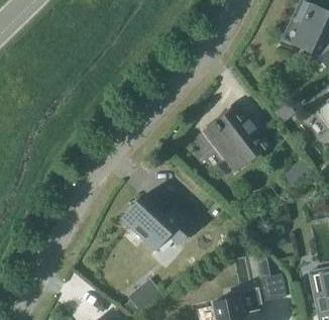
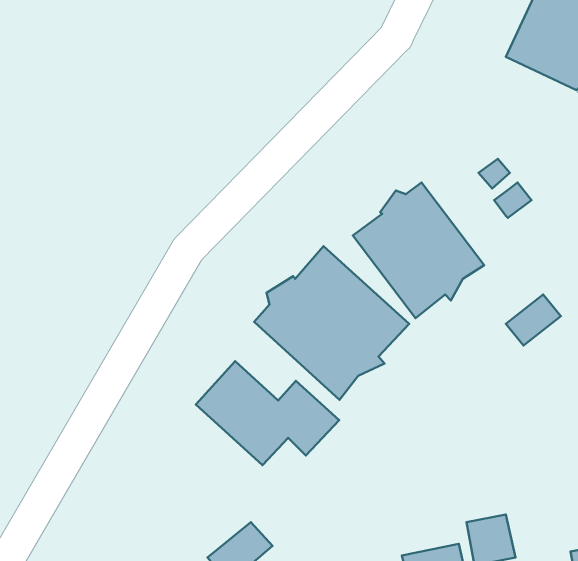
building: none -> [254,246,409,400]

